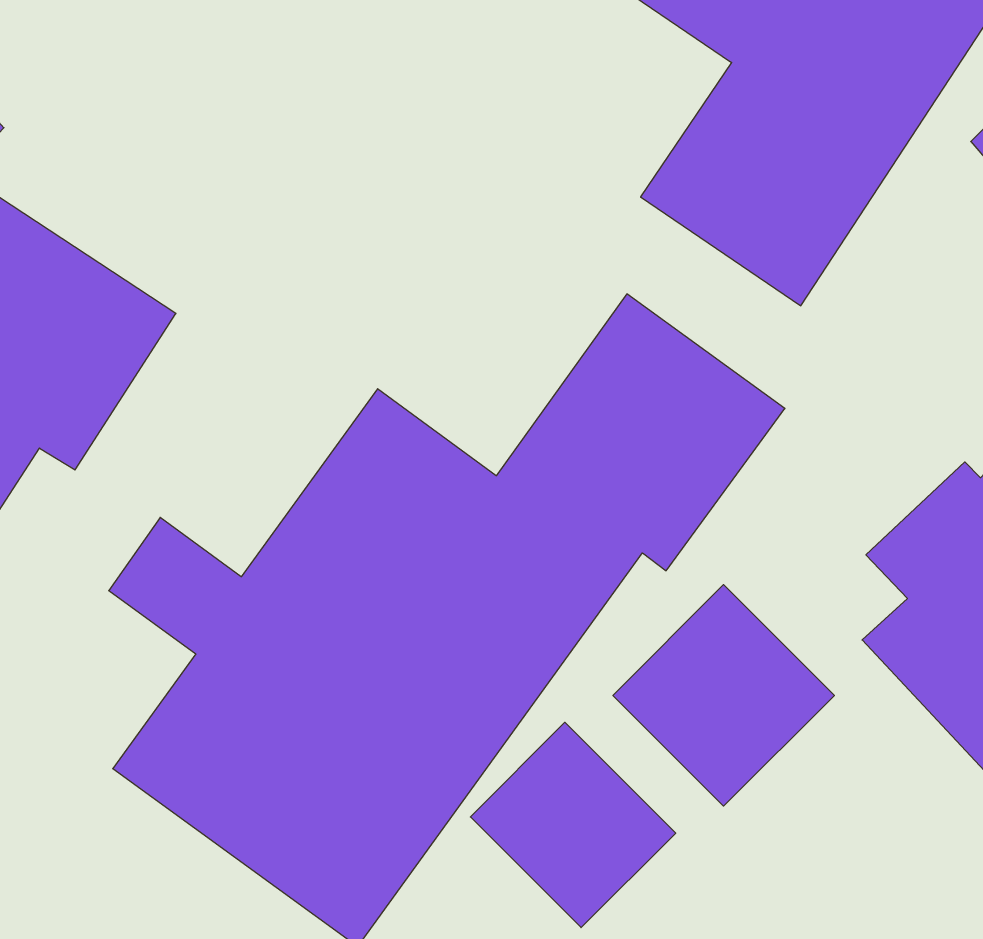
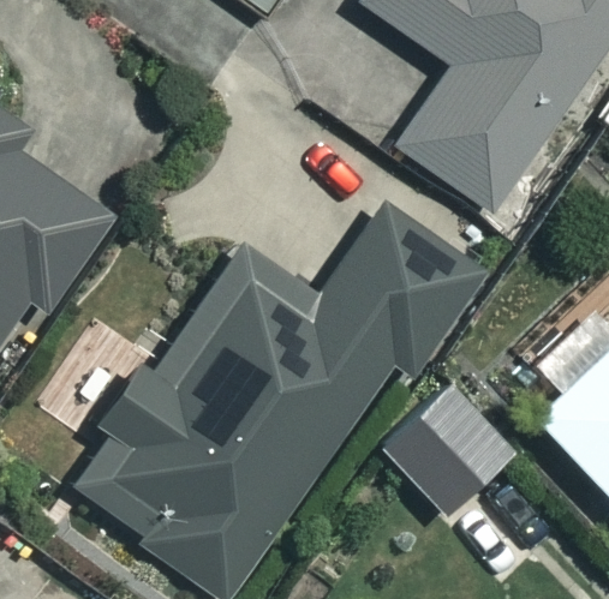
building: [470,722,676,928] -> none

